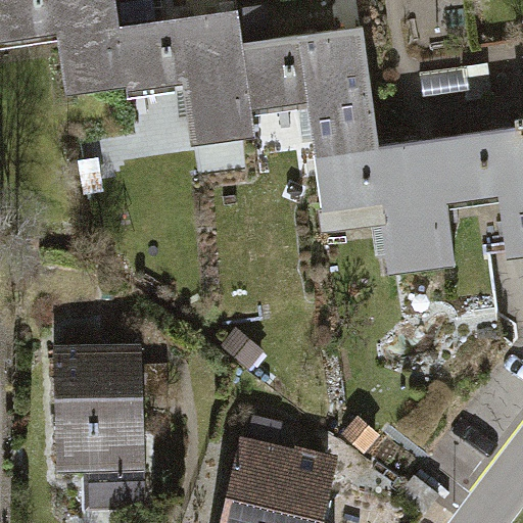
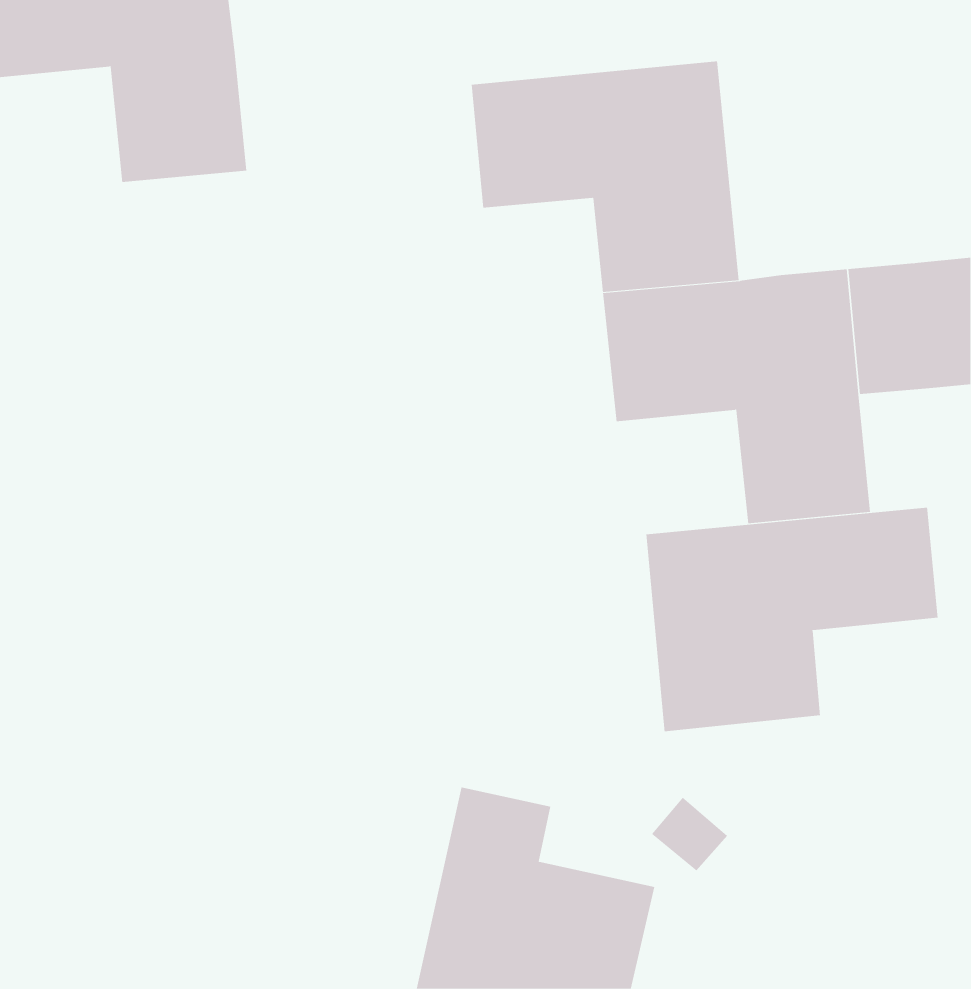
building: [123,15,253,137] -> none
building: none -> [646,507,938,732]
building: [45,343,148,511] -> none

